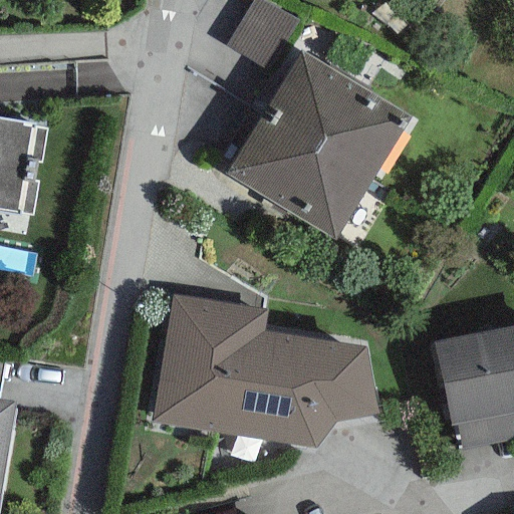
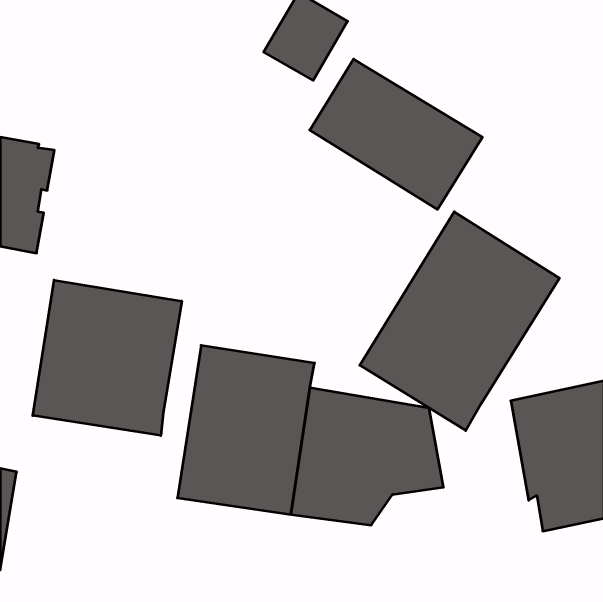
building: [226,110,372,239] -> none
building: none -> [360,212,559,431]
building: none -> [33,280,182,436]

